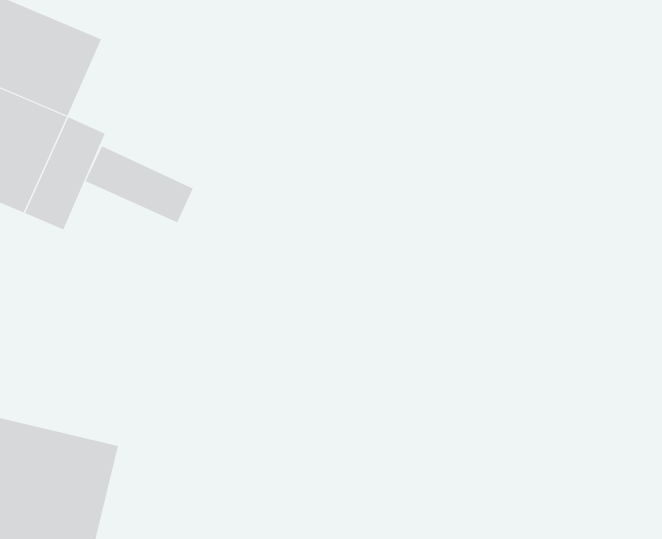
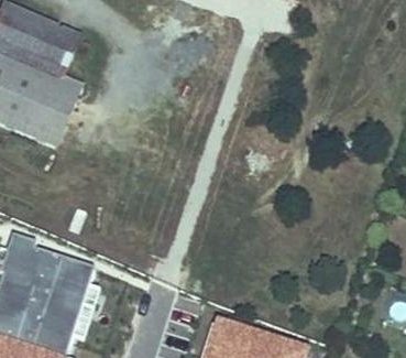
building: [85,145,193,223] -> none

